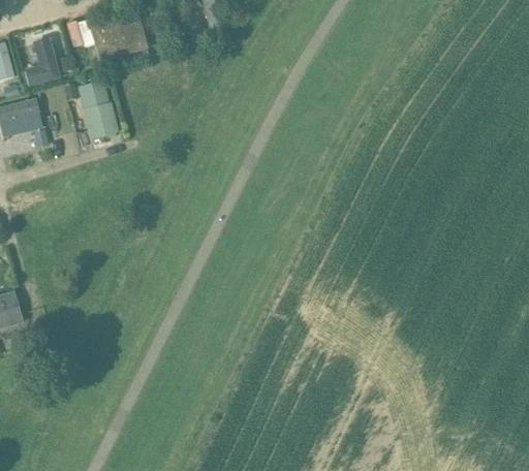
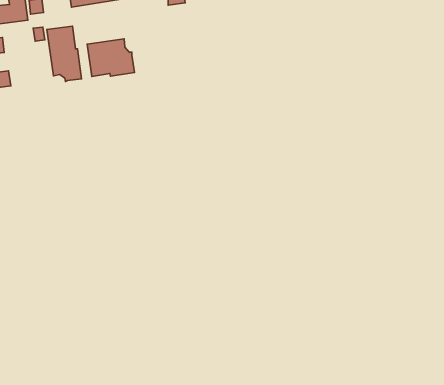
building: none -> [87,39,135,77]

